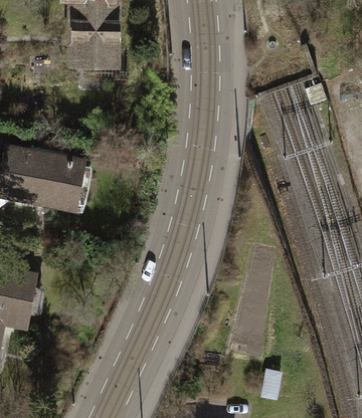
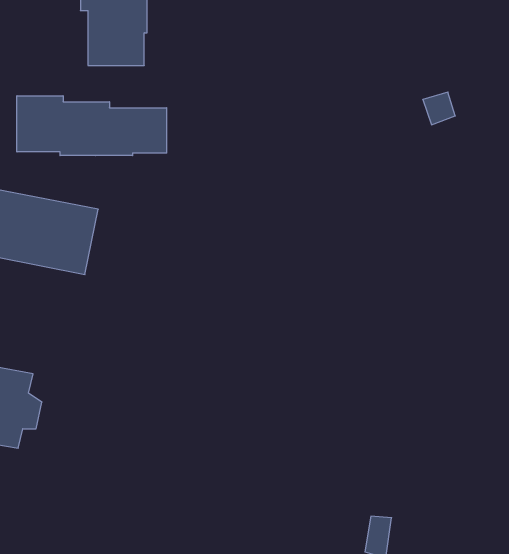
building: none -> [17,96,167,156]

